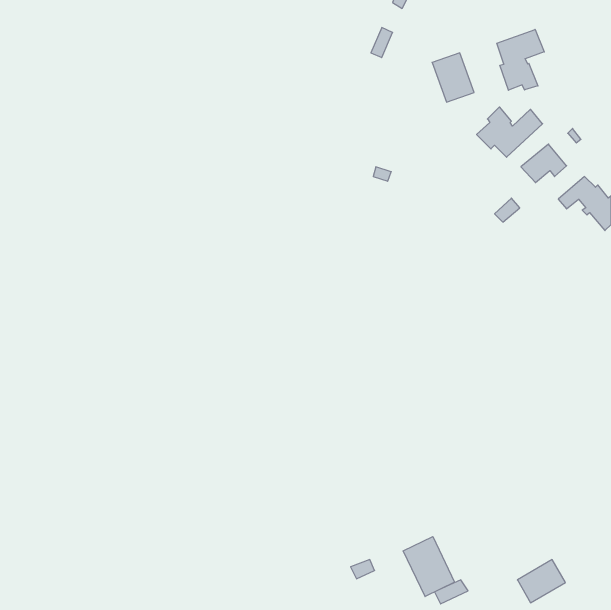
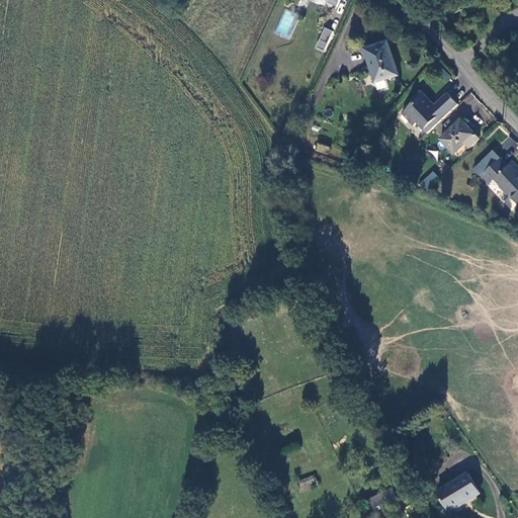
building: [497,29,544,90] -> none
building: [403,537,455,597] -> none

